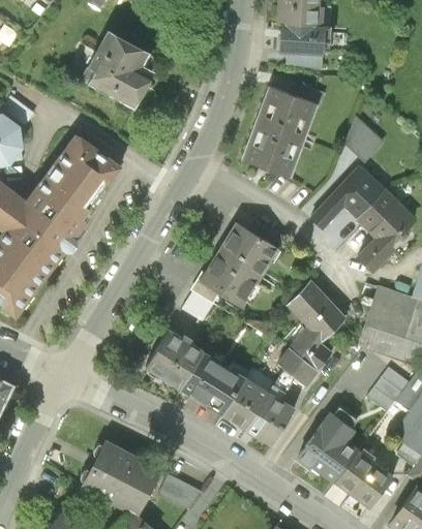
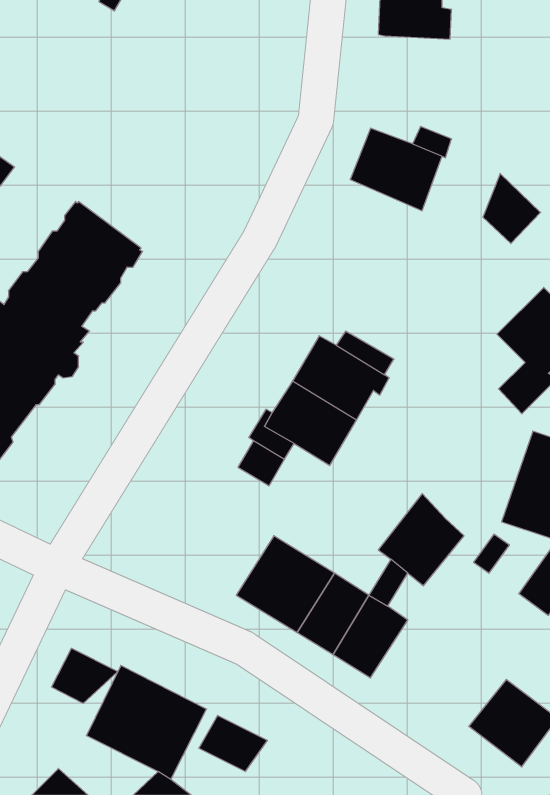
building: [277,24,330,53] -> none
building: [83,28,155,104] -> none
building: [242,119,304,175] -> none
building: [308,165,385,230] -> none
building: [284,281,345,343] -> none
building: [143,331,206,394] -> none
building: [299,411,360,480] -> none
building: none -> [52,648,118,703]

